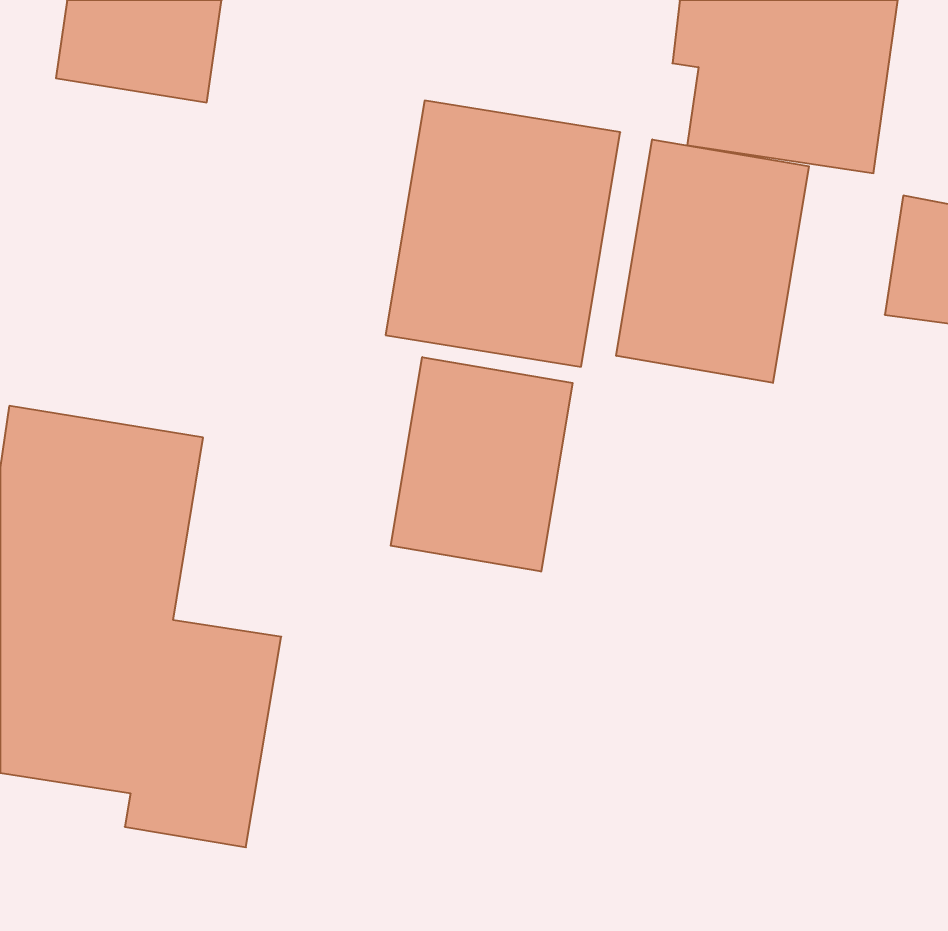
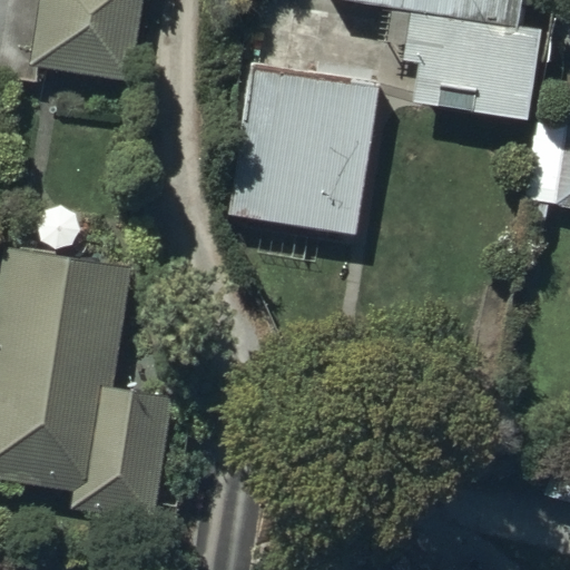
building: [616,139,809,383] -> none
building: [391,357,573,572] -> none

